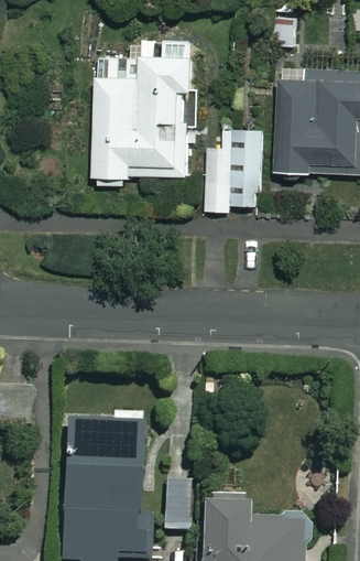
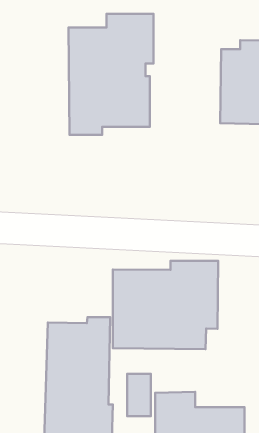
building: [206,130,263,212] -> none
building: none -> [113,261,218,349]

